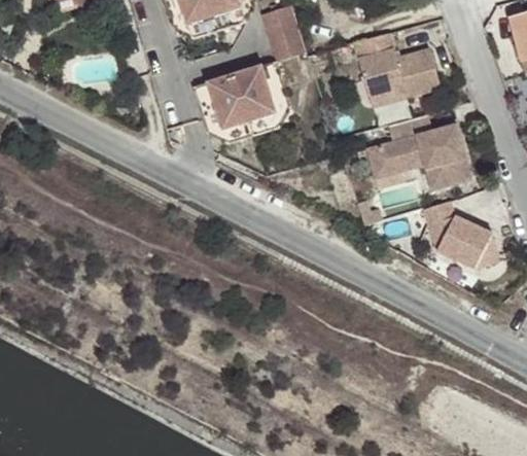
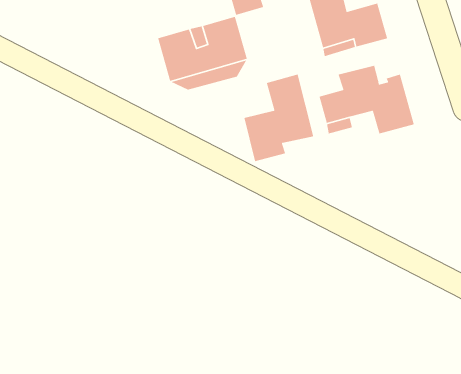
building: none -> [244,73,314,162]
building: [423,197,497,265] -> none

